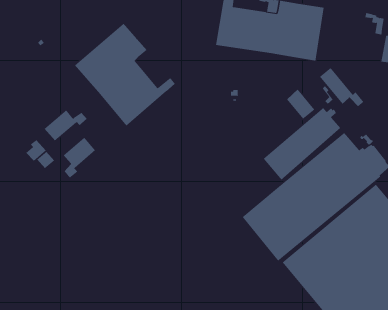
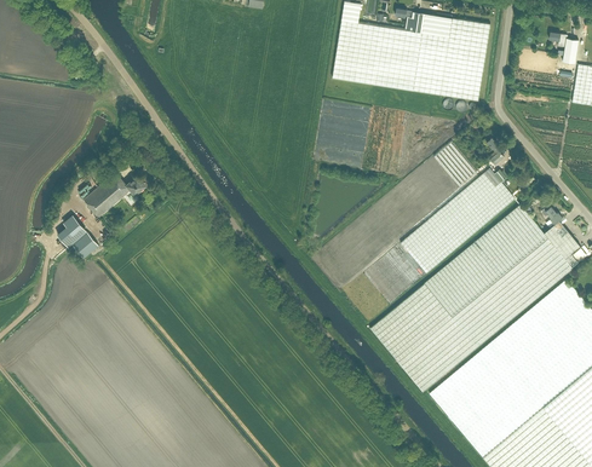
building: [74,23,176,126] -> none
building: [319,67,364,107] -> none
building: [63,137,96,178] -> none

